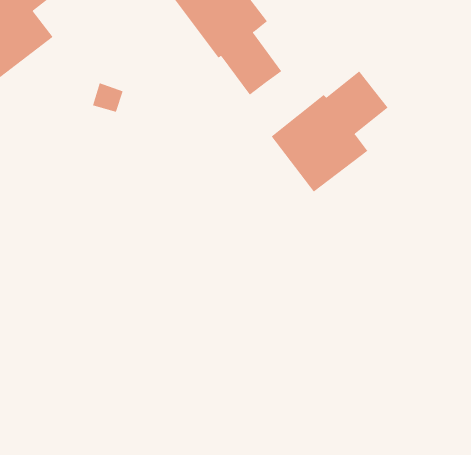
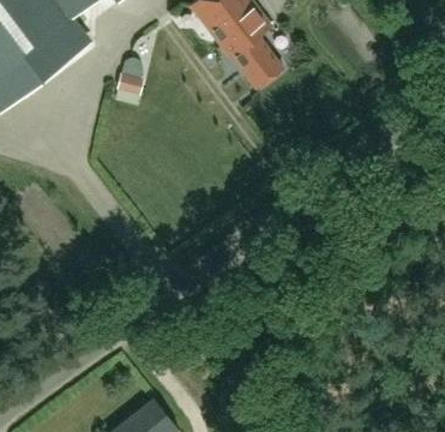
building: [271,70,389,193] -> none

